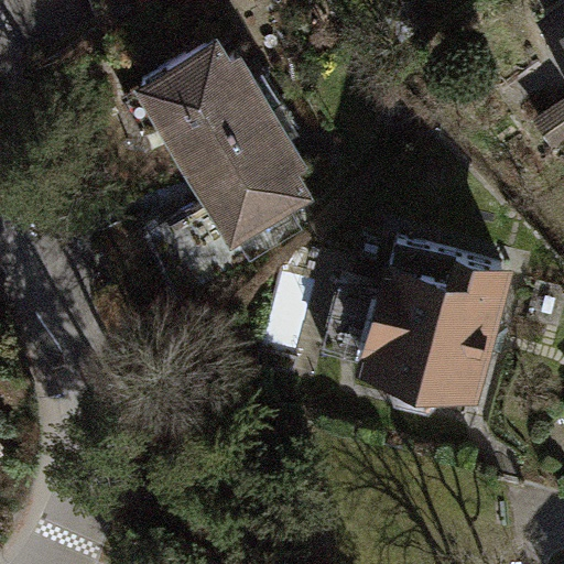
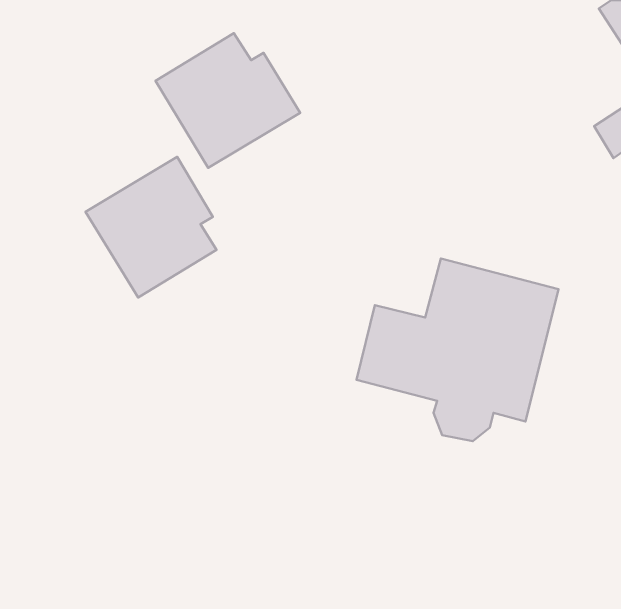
building: [192,117,310,243] -> [85,157,216,298]

